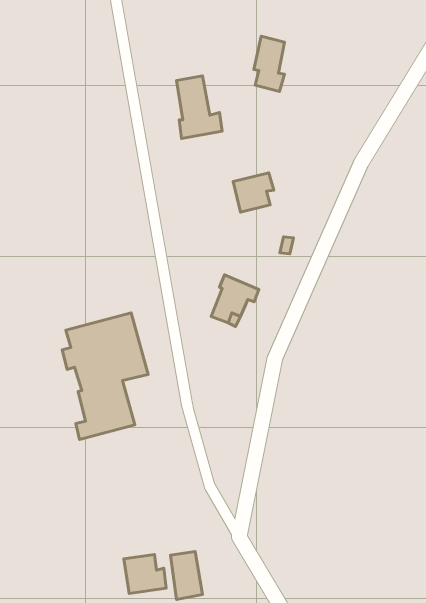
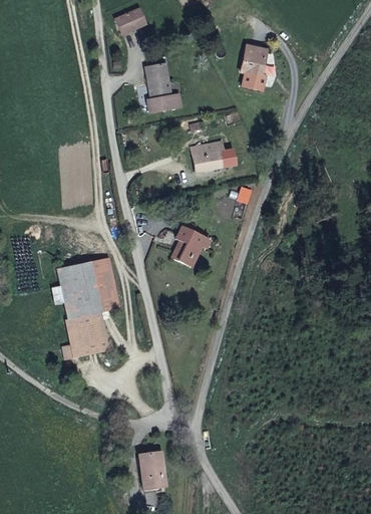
building: none -> [116,8,147,34]
building: [254,36,285,91] -> [240,44,265,89]
building: [124,555,166,594] -> none

